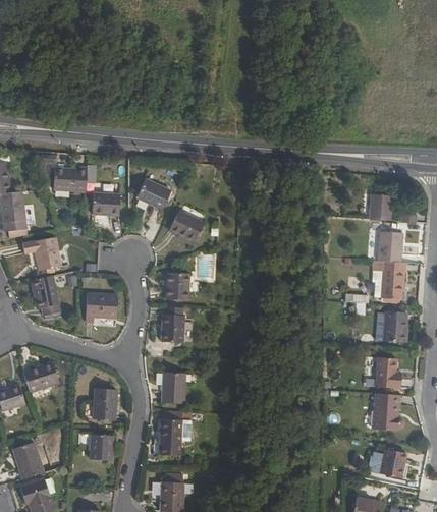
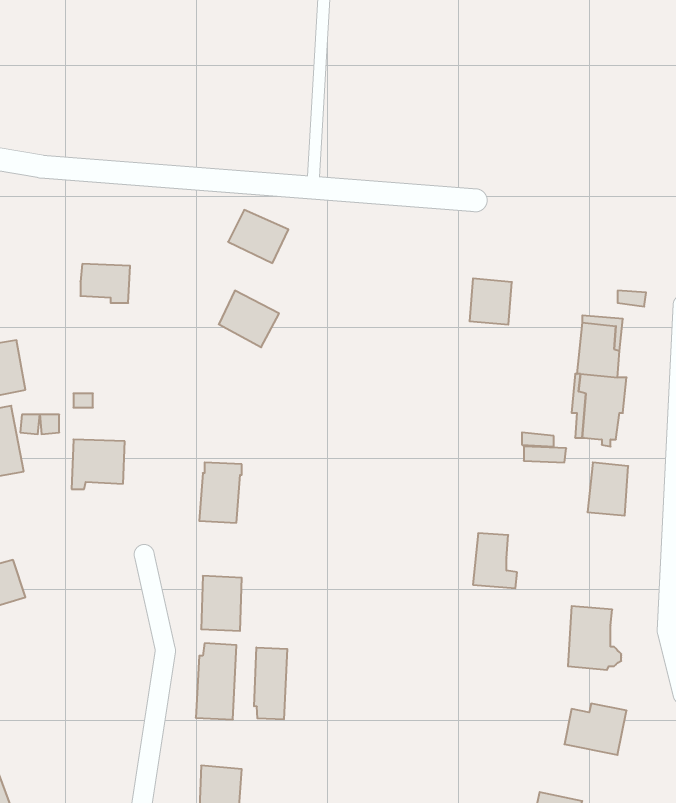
building: [54,165,87,191] -> none
building: [138,178,172,209] -> [228,210,288,263]
building: [368,189,392,216] -> [469,278,512,325]
building: [166,273,188,301] -> none
building: [376,353,401,385] -> [473,533,517,588]
building: [94,389,117,421] -> none
building: none -> [254,647,287,719]
building: [90,436,113,461] -> none

